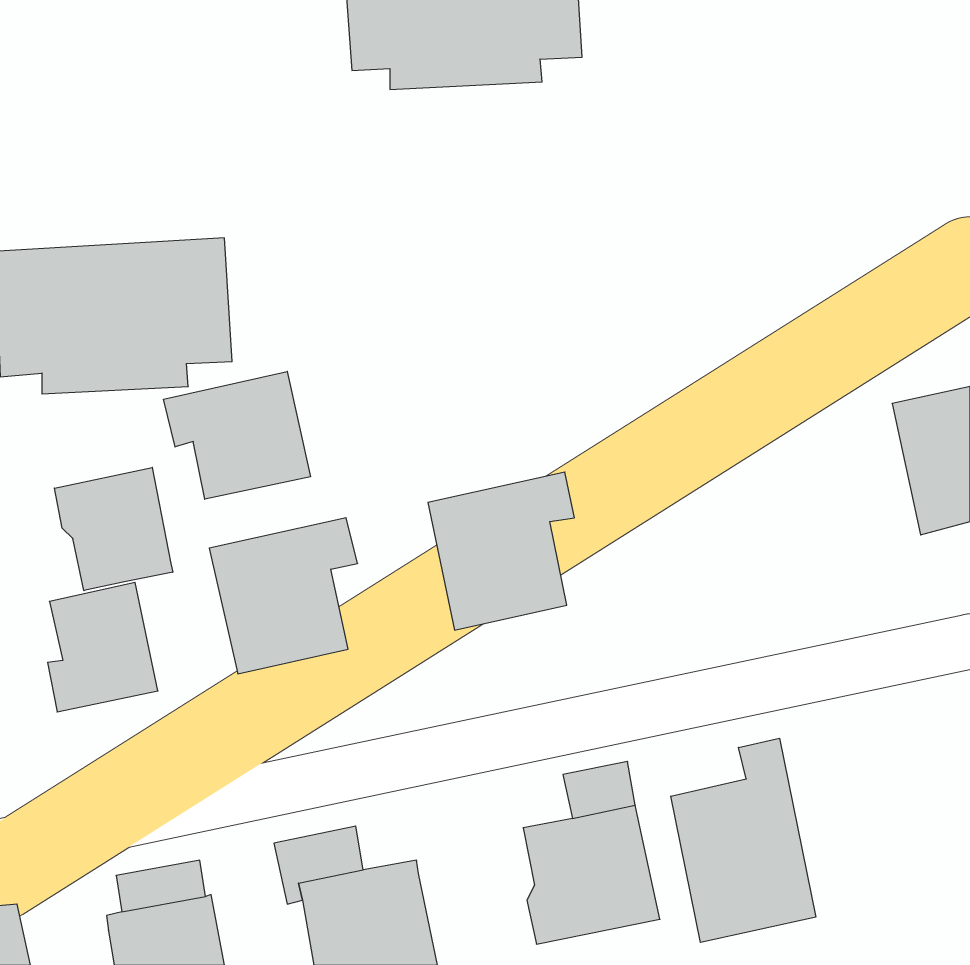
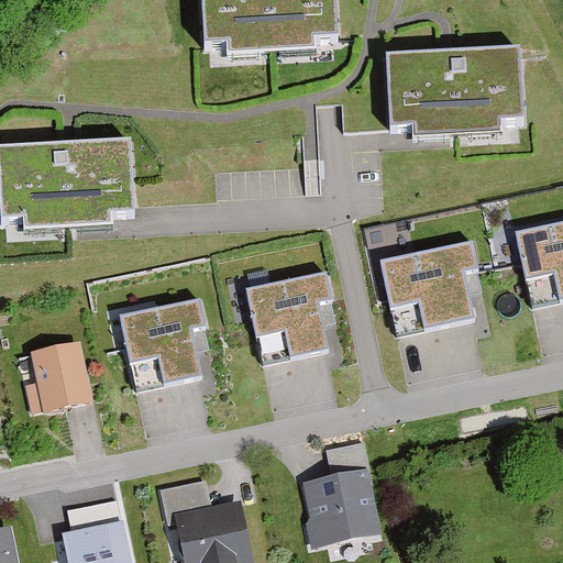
building: none -> [386,46,522,134]
building: [164,371,310,499] -> none
building: none -> [384,245,477,334]
building: [54,467,173,591] -> none
building: [671,738,816,942] -> none

